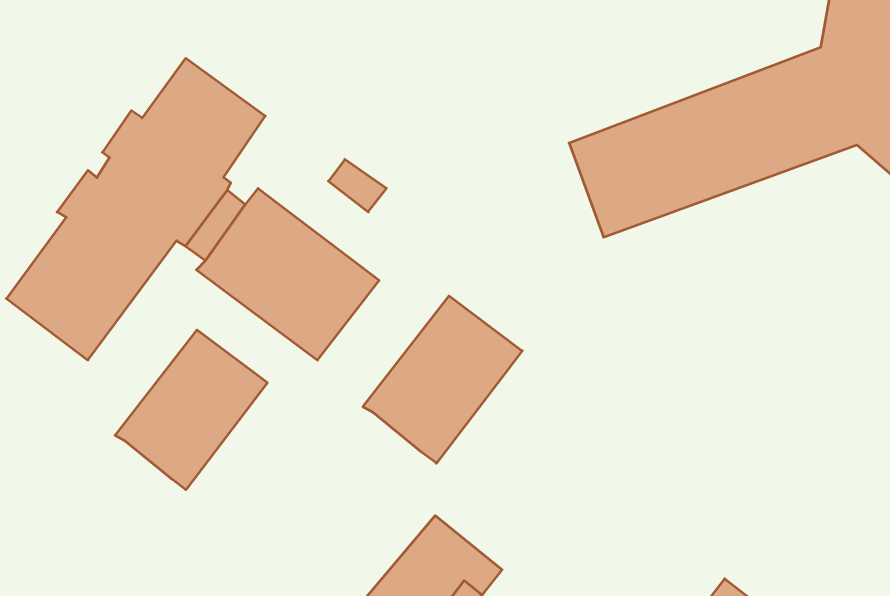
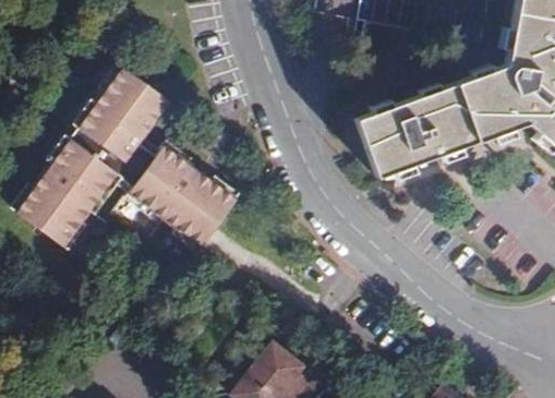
building: [363,296,522,463] -> none
building: [115,330,267,490] -> none

